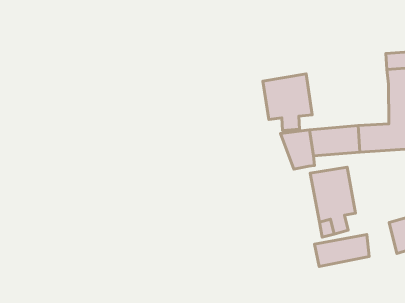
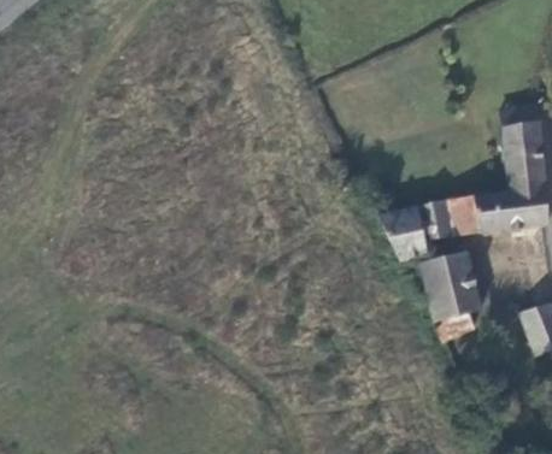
building: [263,74,312,131] -> none
building: [315,235,369,266] -> none

